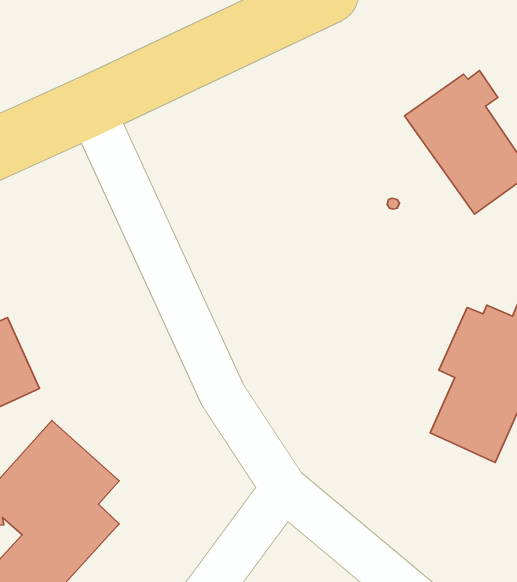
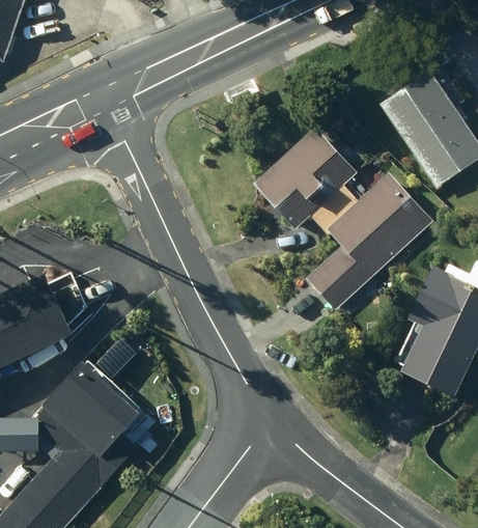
building: none -> [254,127,433,311]

